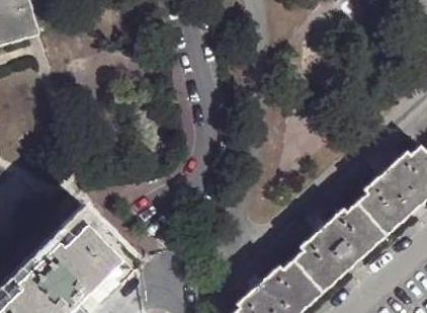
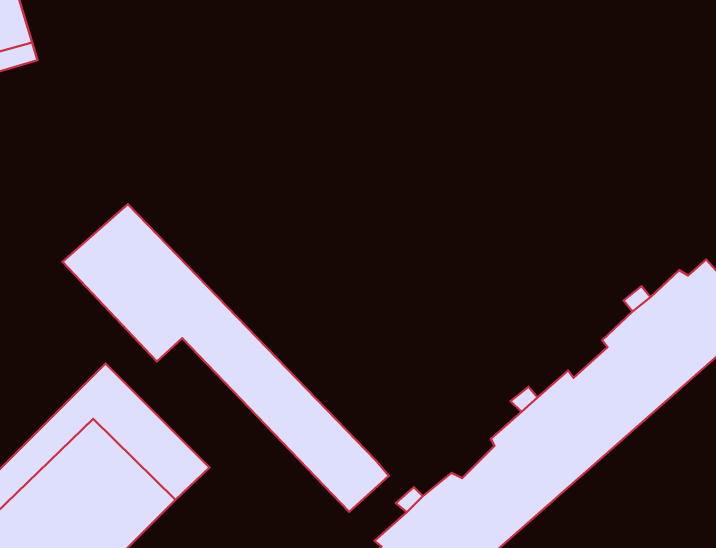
building: none -> [63,204,389,512]

